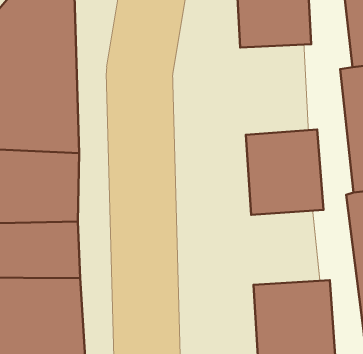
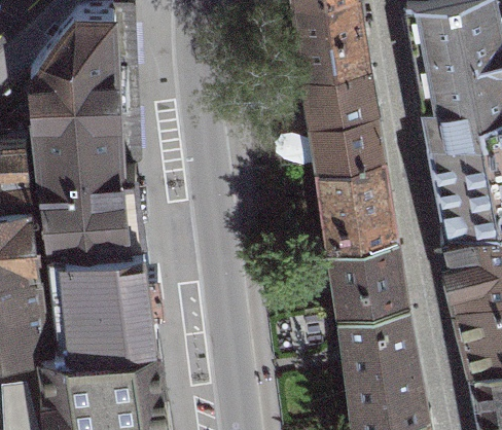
building: none -> [297,63,384,162]
building: none -> [325,230,411,314]

